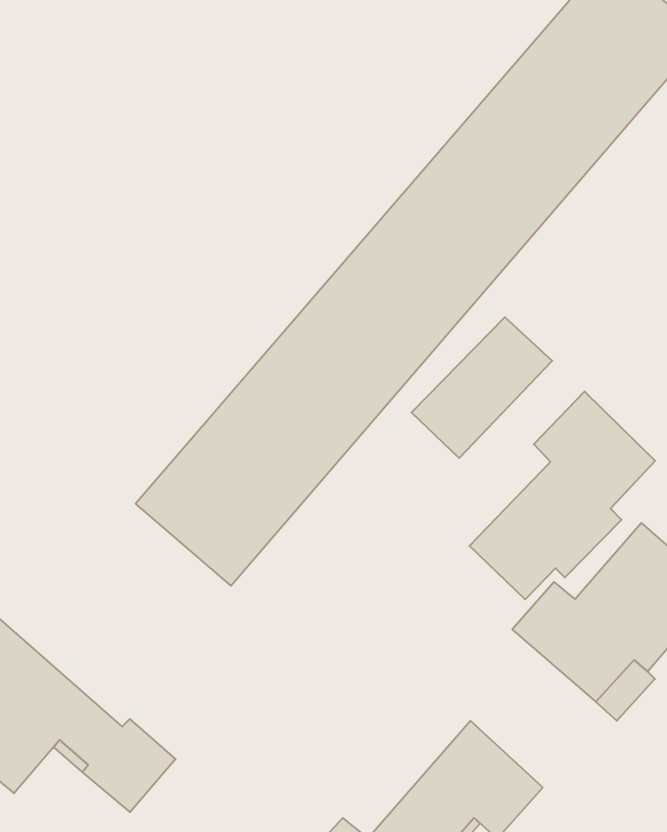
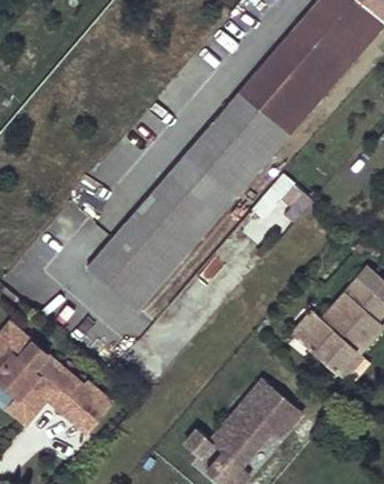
building: [469,391,655,599] -> none

